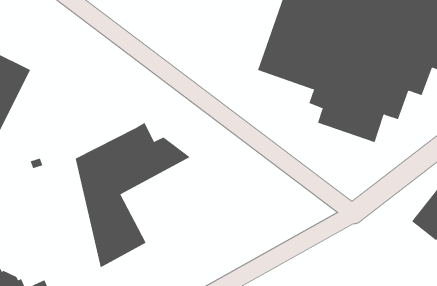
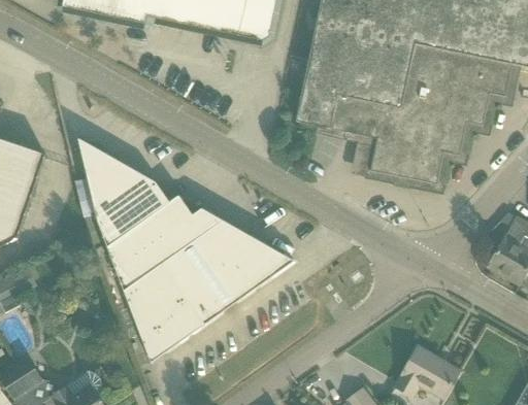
building: none -> [78,137,169,244]
building: none -> [163,226,293,327]

